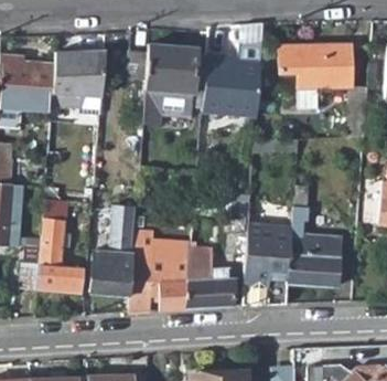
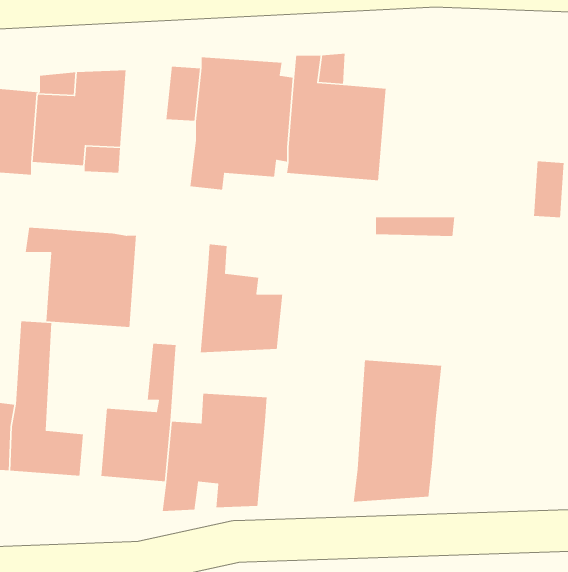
building: [281,43,356,86] -> none
building: none -> [25,227,137,328]
building: [290,207,341,287] -> none
building: [186,244,236,309] -> [200,244,283,353]

